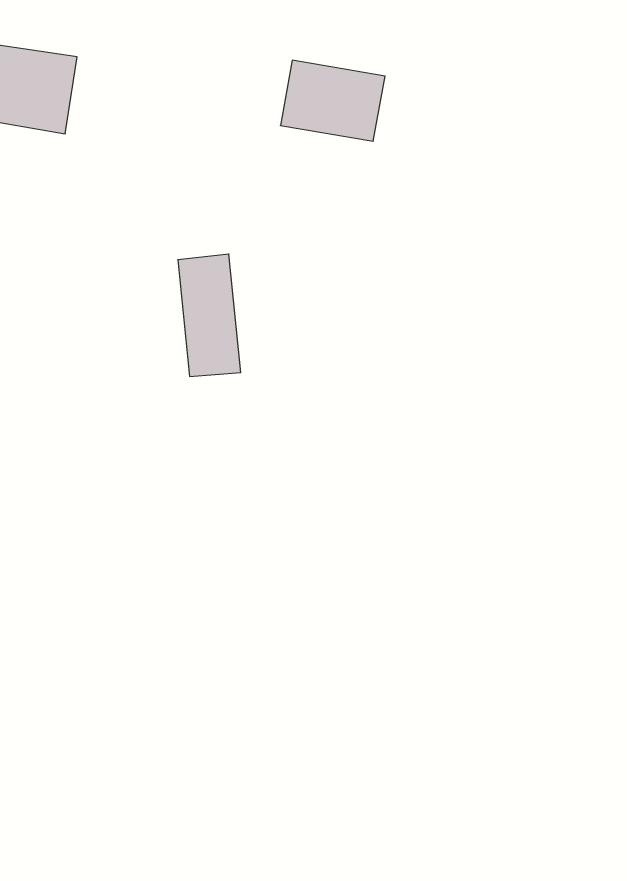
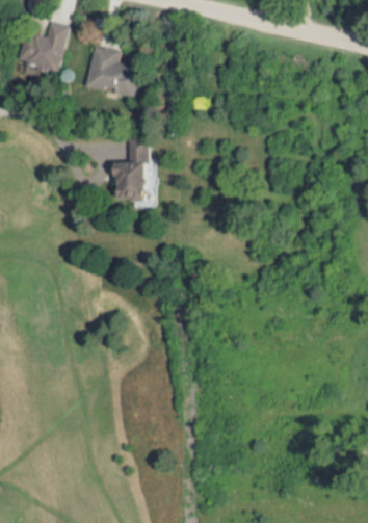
building: [280,60,385,141] -> [84,54,139,97]

